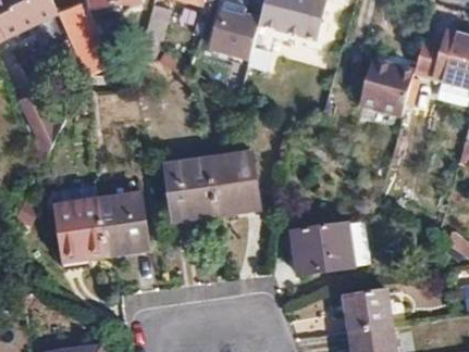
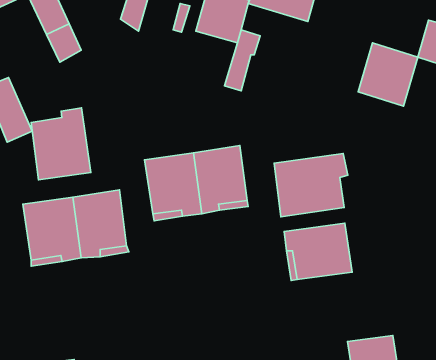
building: none -> [31,108,91,180]
building: none -> [274,154,348,217]
building: [345,290,391,330] -> none

